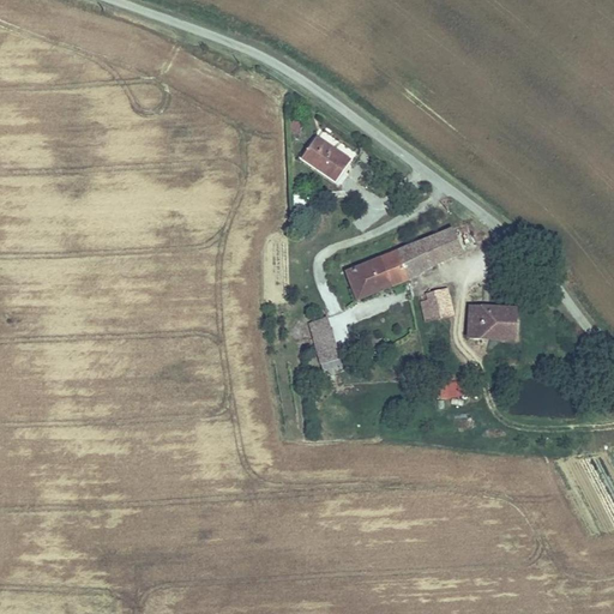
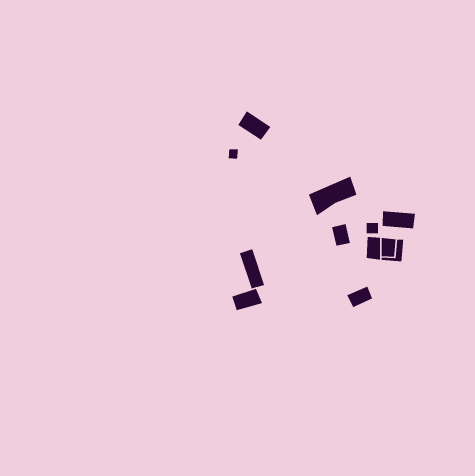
building: [343,249,407,300] -> none
building: none -> [382,211,416,229]
building: none -> [231,288,263,311]

